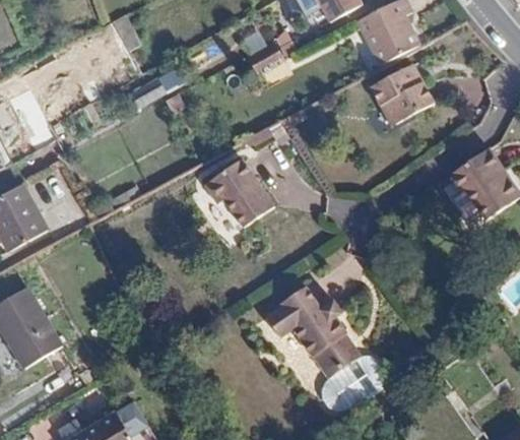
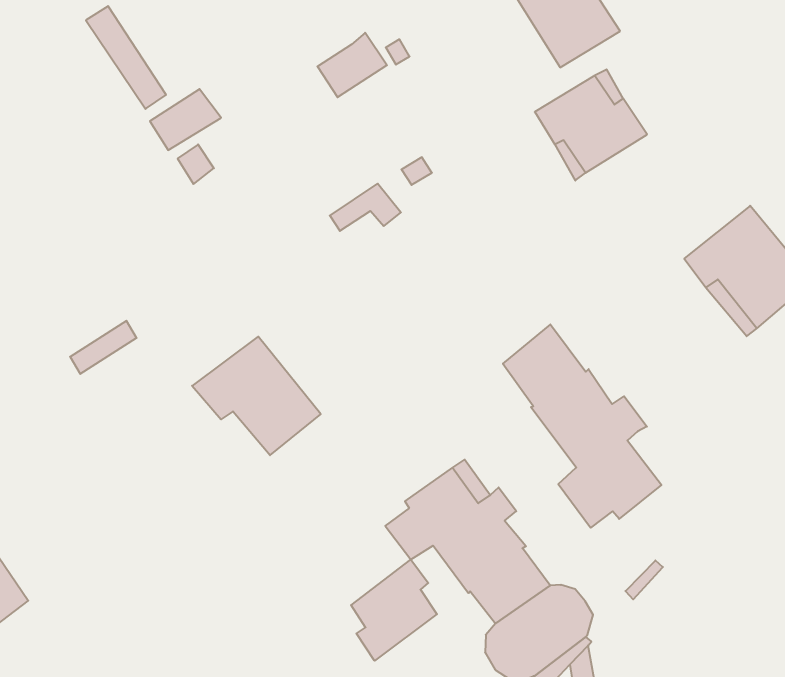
building: [203,159,275,227] -> [192,337,321,455]
building: none -> [503,324,661,528]
building: none -> [351,560,437,661]

